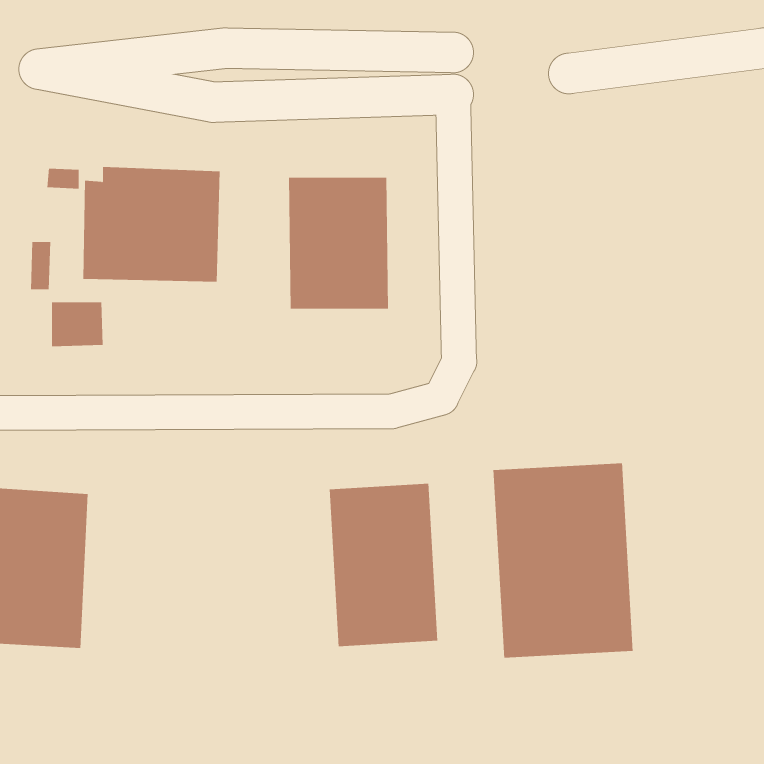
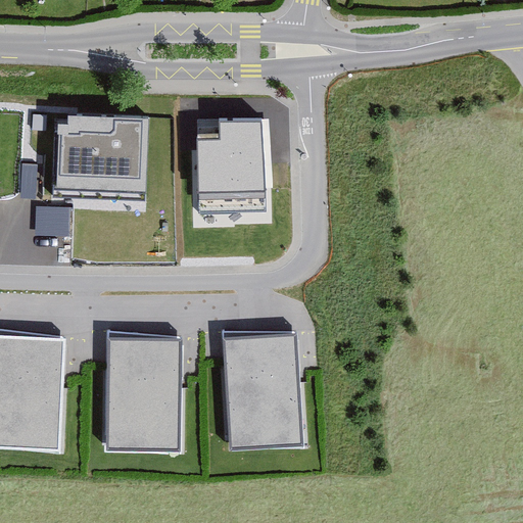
building: [493,462,633,659] -> none
building: none -> [107,337,177,443]

